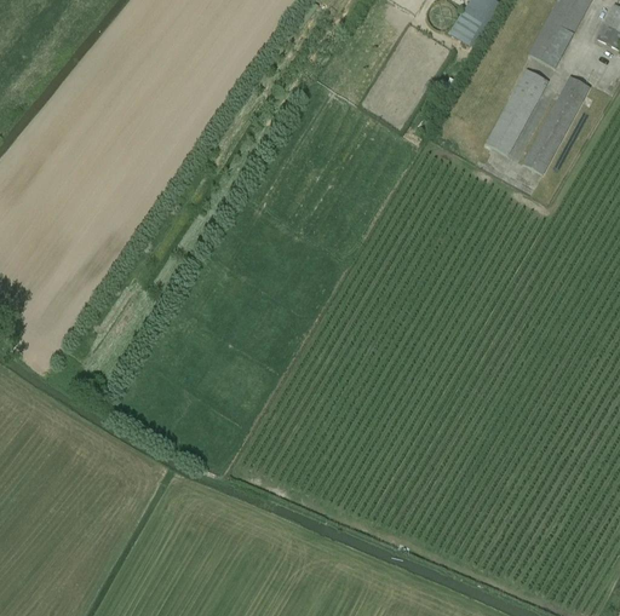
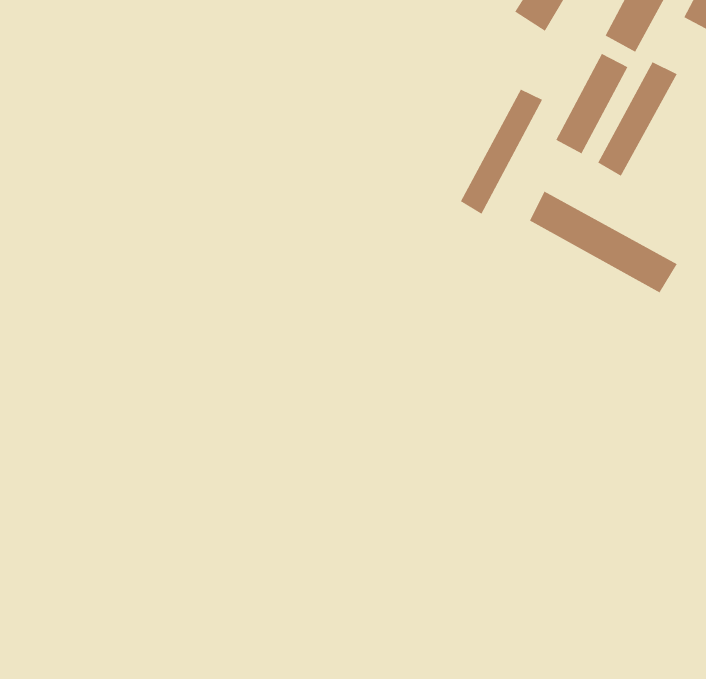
building: none -> [460,89,543,215]
building: none -> [529,190,678,293]

